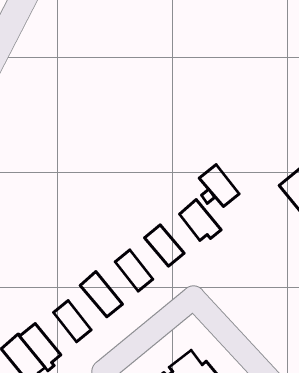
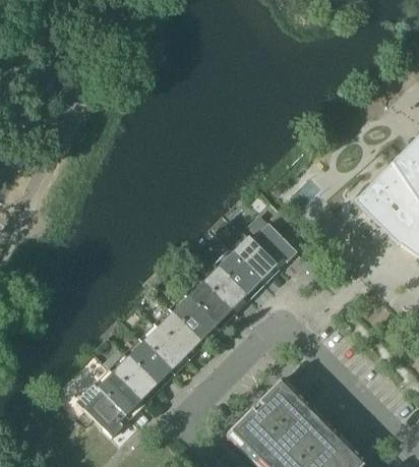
building: [199,165,239,207] -> [232,237,276,281]
building: none -> [202,269,245,311]
building: none -> [168,293,216,341]
building: none -> [139,326,185,371]
building: none -> [104,348,157,402]

